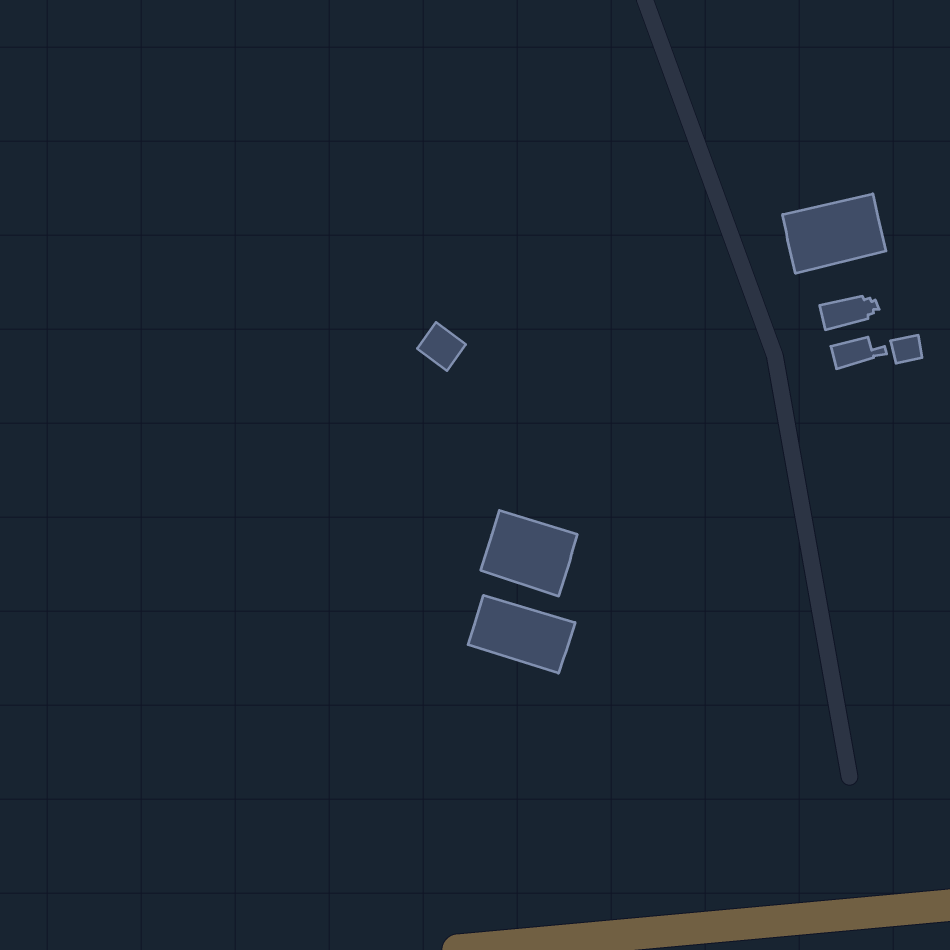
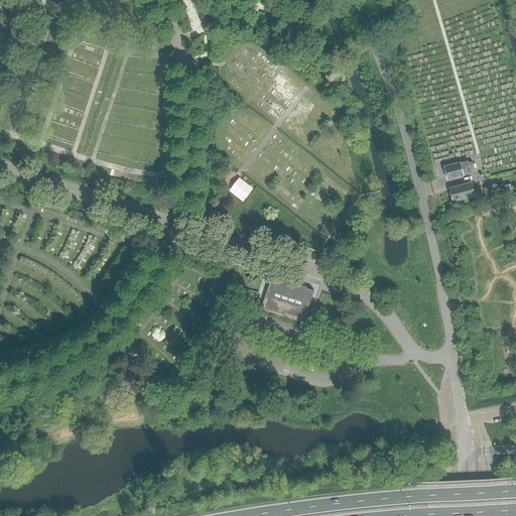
building: [783,194,886,273] -> none
building: [468,595,575,673] -> none

